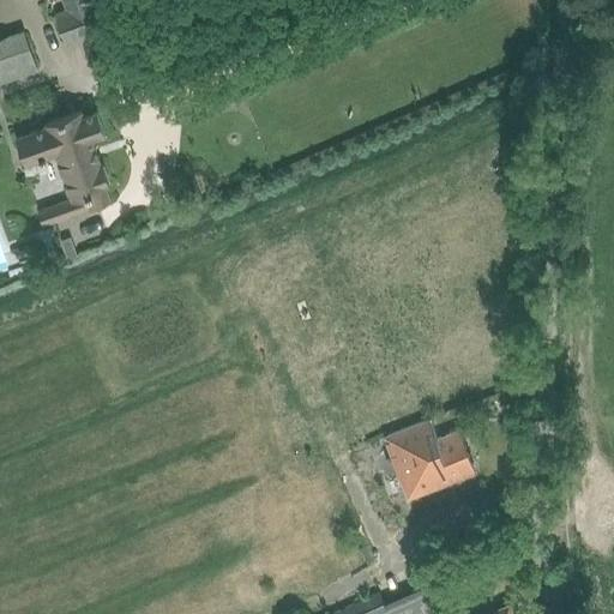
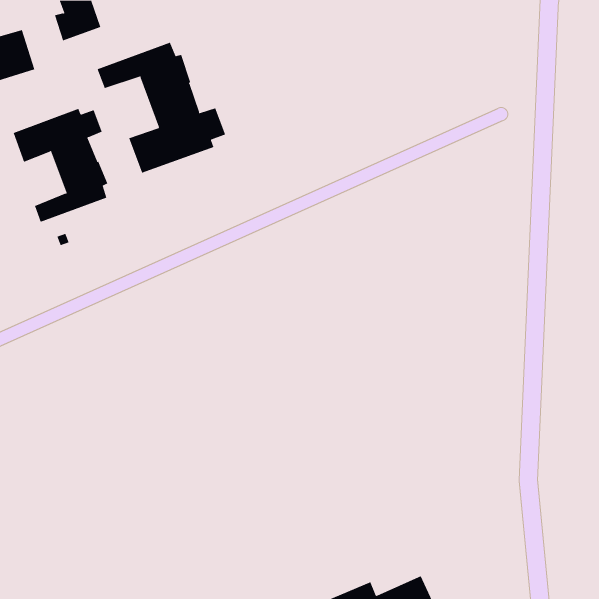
building: none -> [97,42,226,173]
building: [383,423,474,501] -> none

